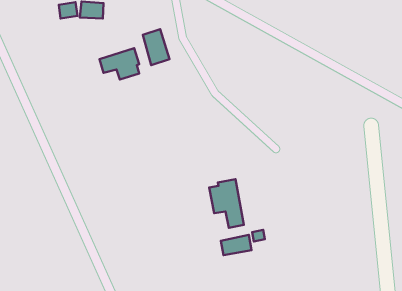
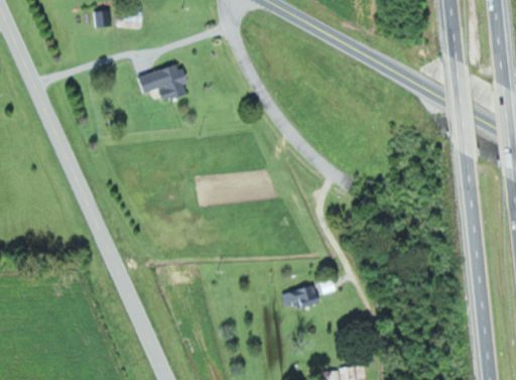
building: [143,29,170,65] -> none
building: [209,179,244,228] -> none

